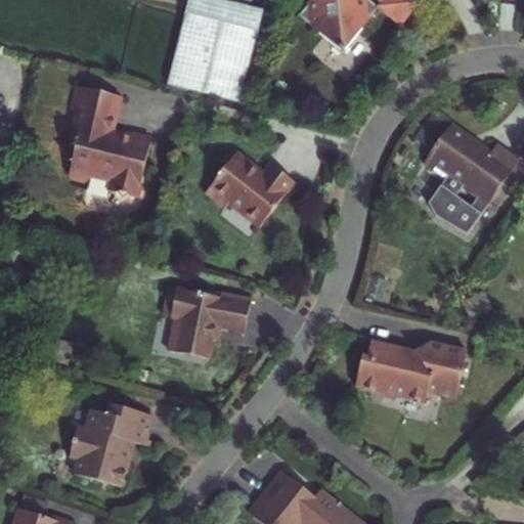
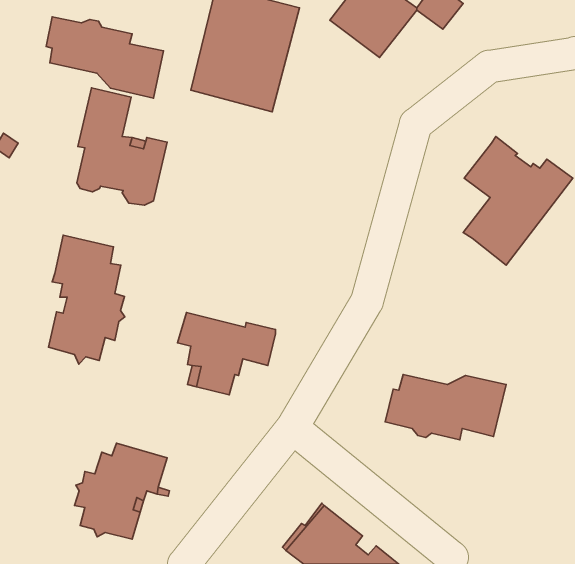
building: none -> [46,17,164,98]
building: [206,152,296,224] -> none
building: none -> [48,235,125,364]

